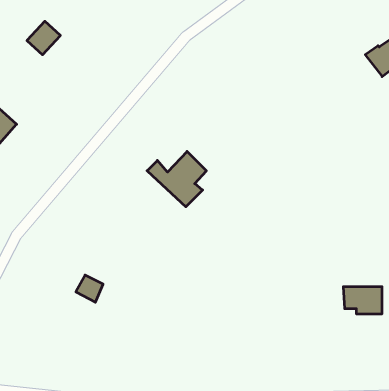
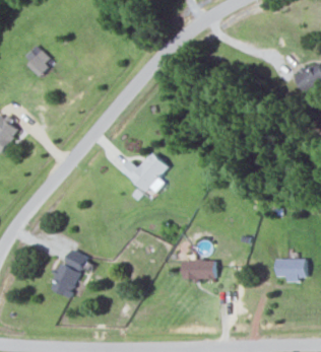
building: none -> [183,260,214,280]
building: none -> [49,264,79,297]

